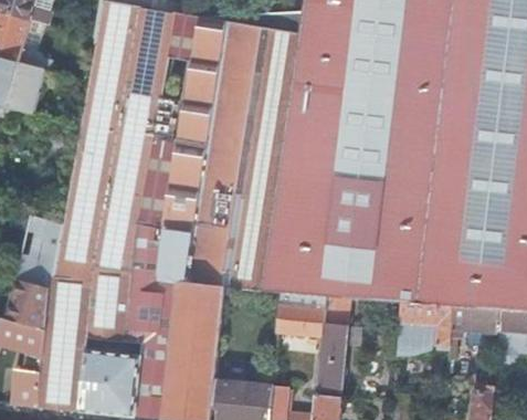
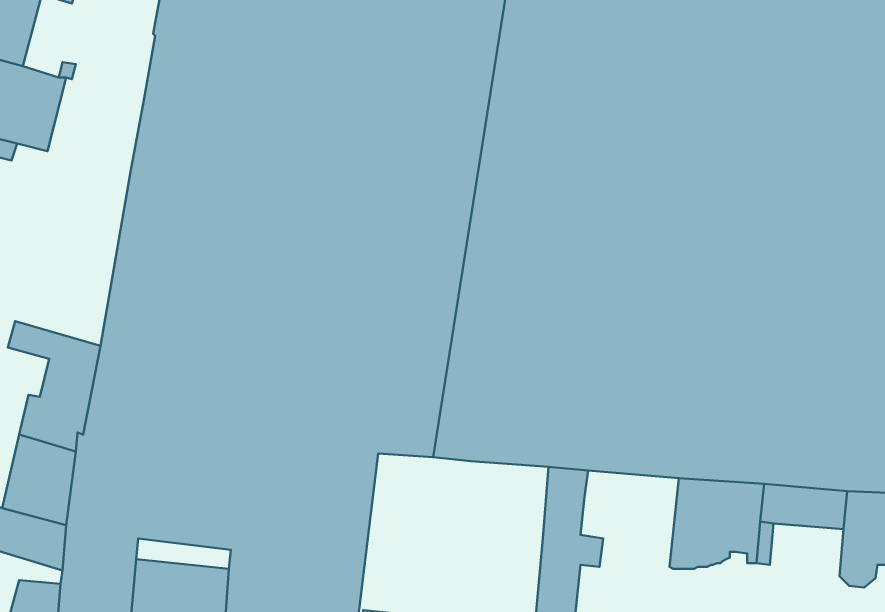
building: [278,293,327,338] -> none

